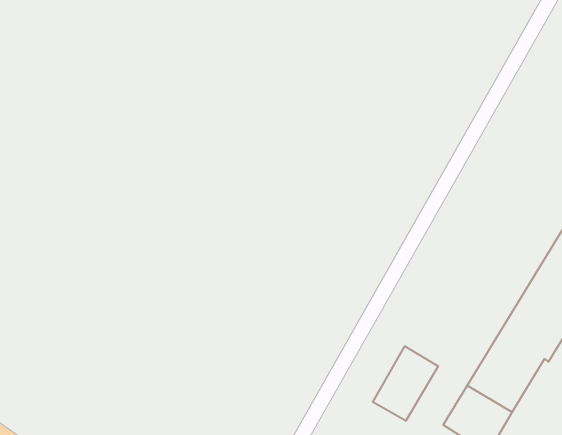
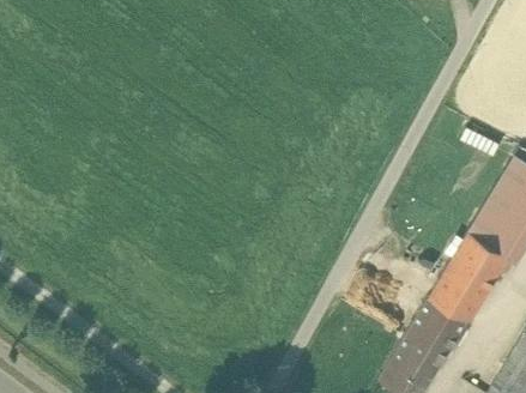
building: [373,346,438,421] -> none

